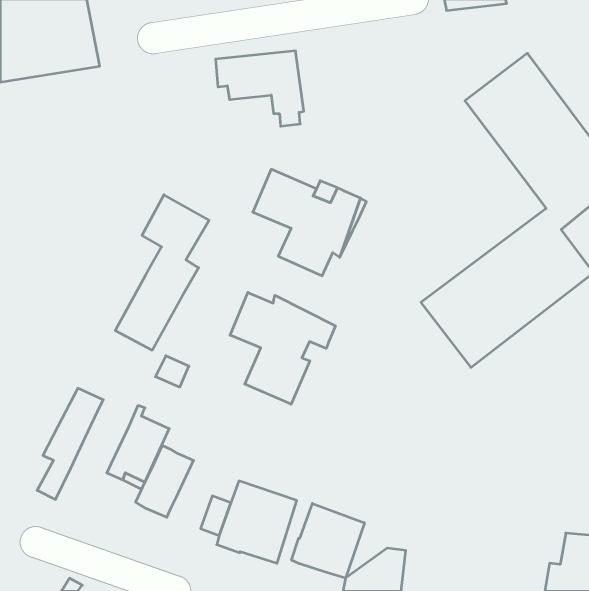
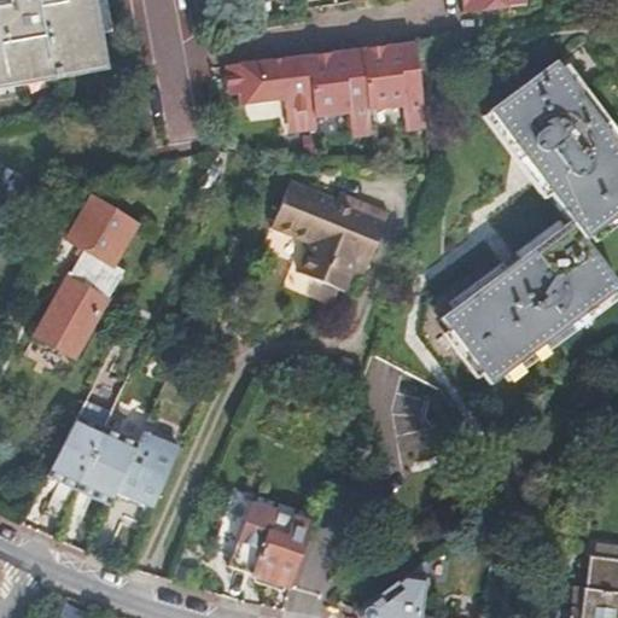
building: none -> [311,42,424,130]
building: [115,195,209,350] -> [40,196,138,357]
building: [230,292,335,404] -> none
building: [136,445,194,517] -> [77,428,138,503]
building: [292,503,364,578] -> none

